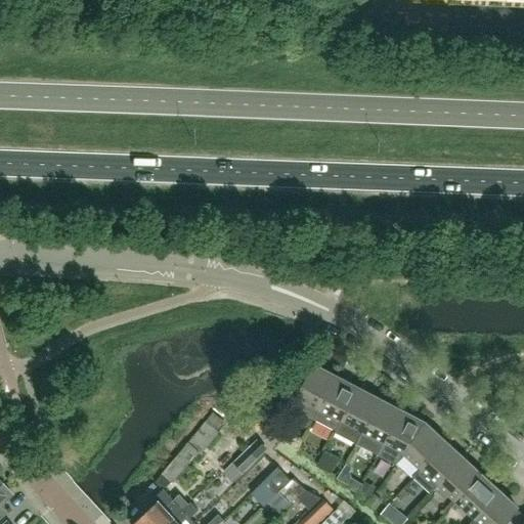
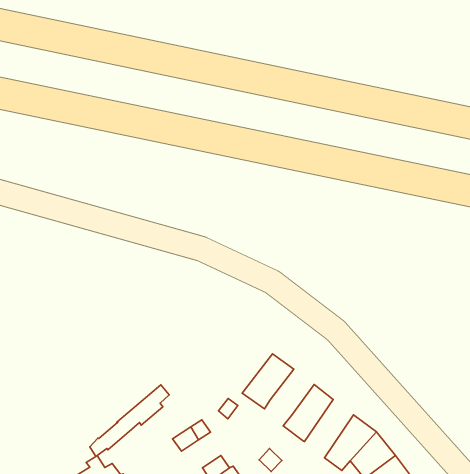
building: [315,377,358,430] -> none
building: [358,399,400,455] -> none

